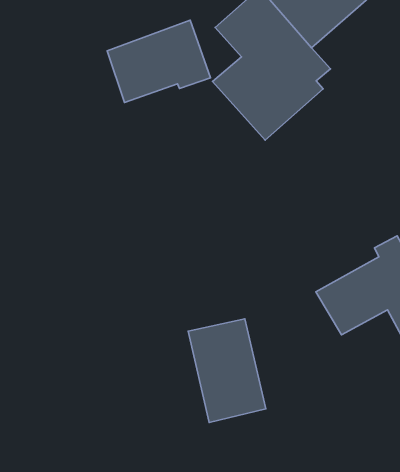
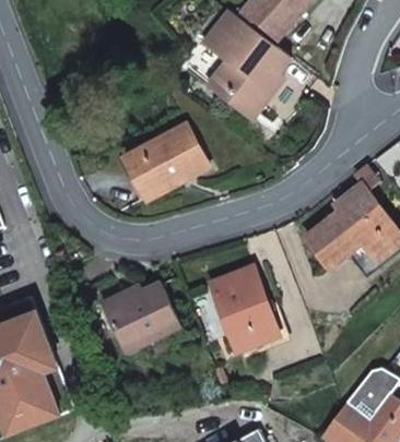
building: [107,20,211,102] -> [125,124,209,196]
building: none -> [106,283,180,353]

